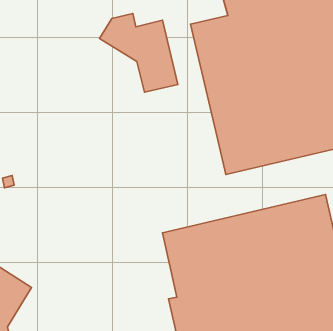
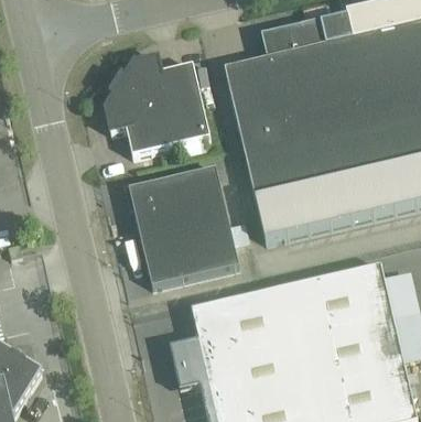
building: none -> [106,84,172,154]
building: none -> [129,166,239,284]
building: none -> [170,337,209,387]

